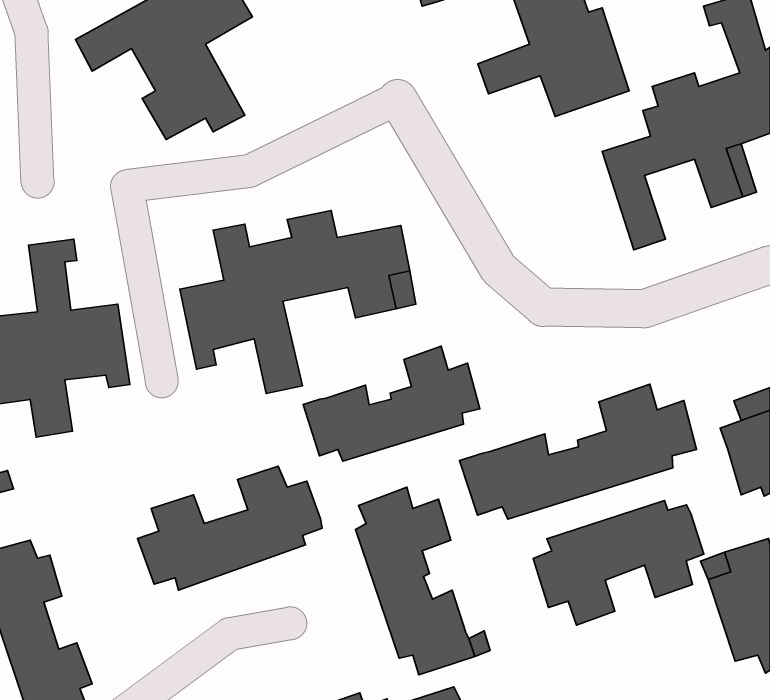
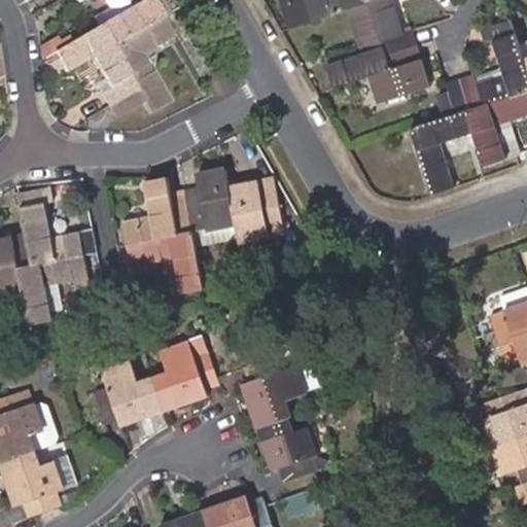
building: [303,346,480,461] -> none
building: [460,384,696,519] -> none
building: [533,501,704,625] -> none

